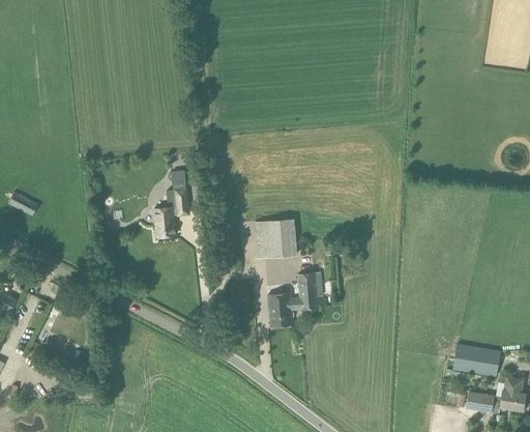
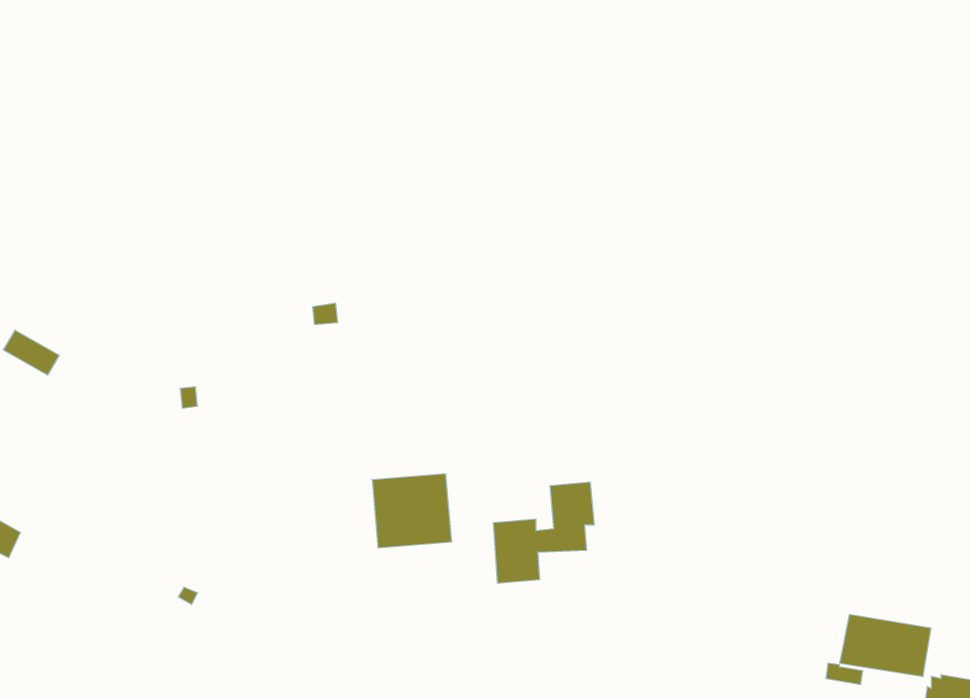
building: [154,207,176,236] -> none
building: [255,219,297,258] -> [372,474,452,548]

